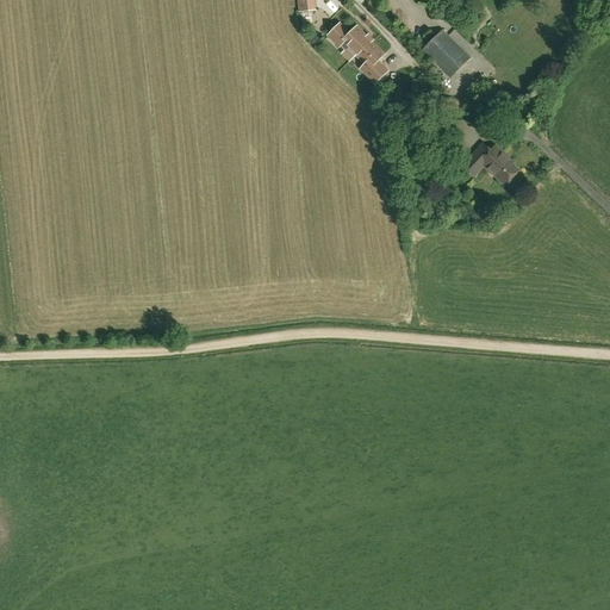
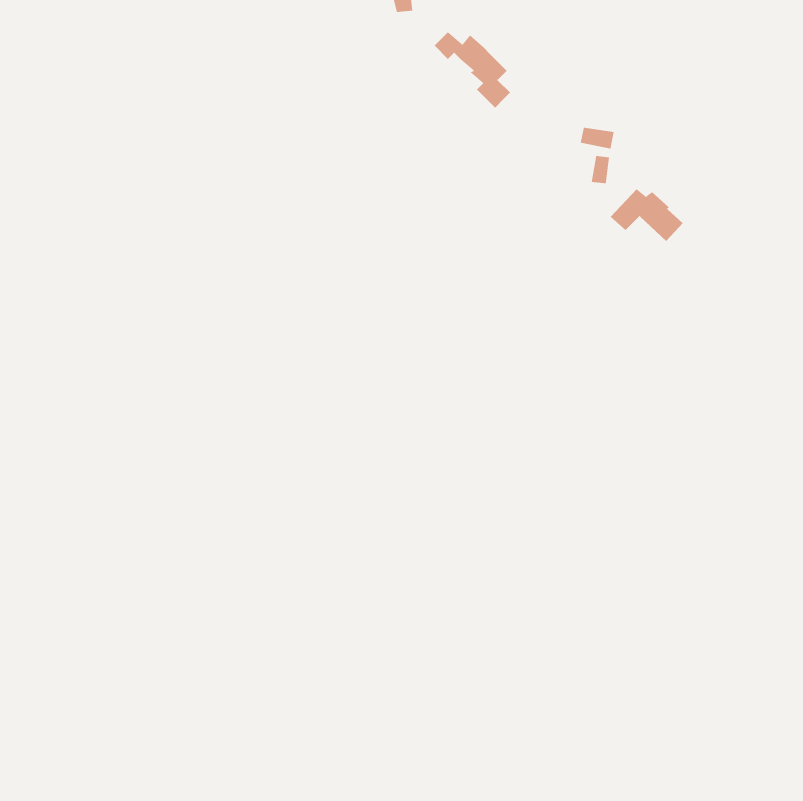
building: [422,29,471,77] -> none

